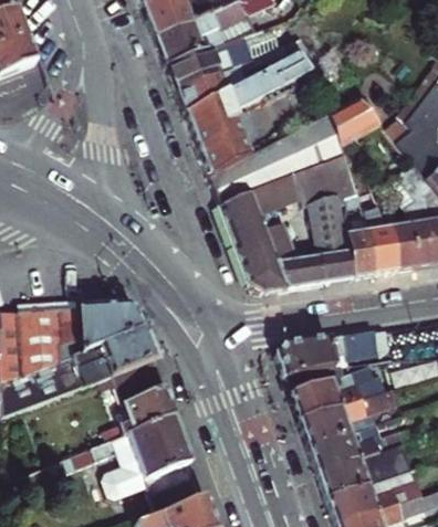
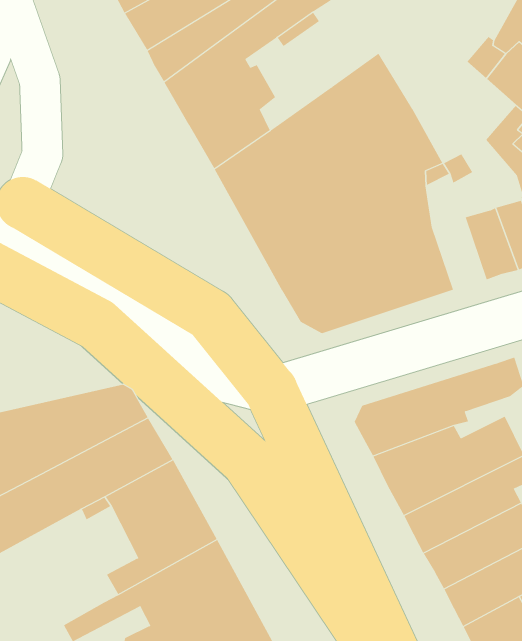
building: [331,96,385,146] -> none
building: [348,212,378,276] -> none

